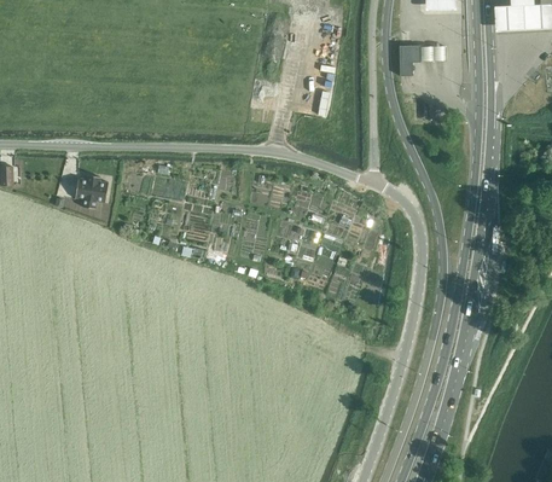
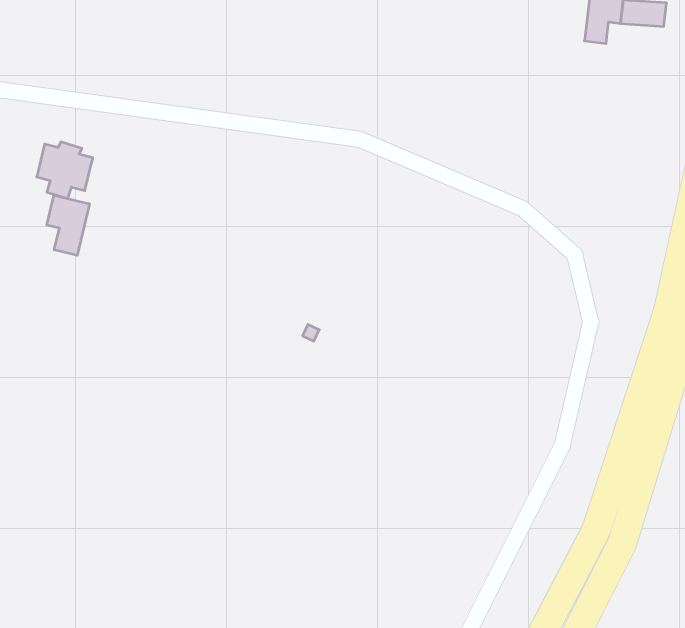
building: none -> [47,195,89,255]

